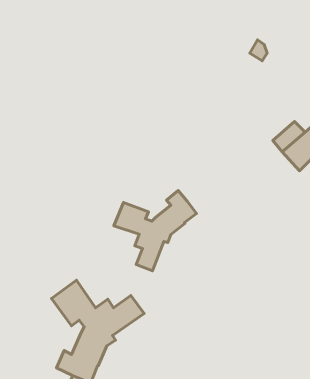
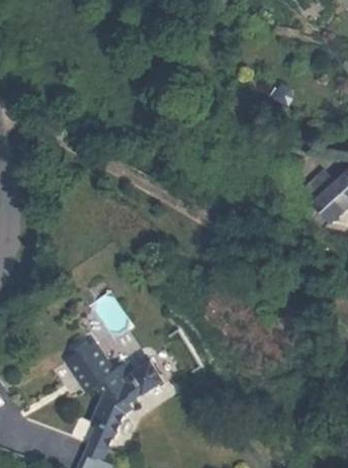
building: [114,190,197,271] -> none

